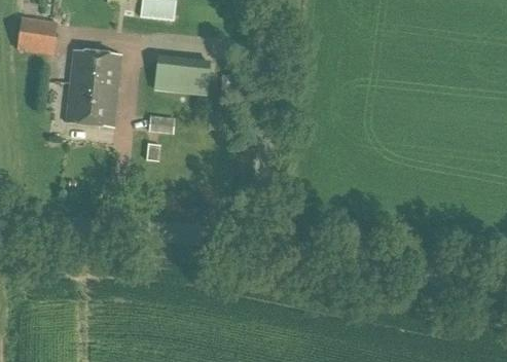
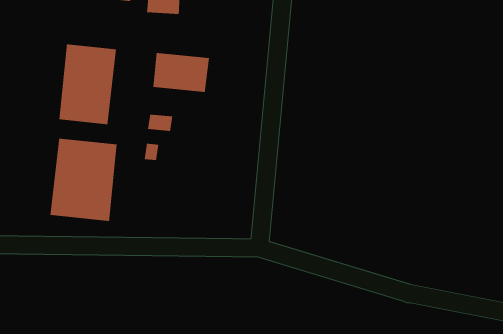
building: [16,14,58,52] -> none
building: none -> [50,138,117,222]

